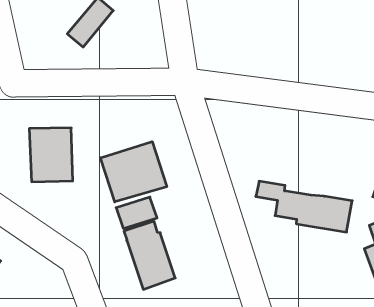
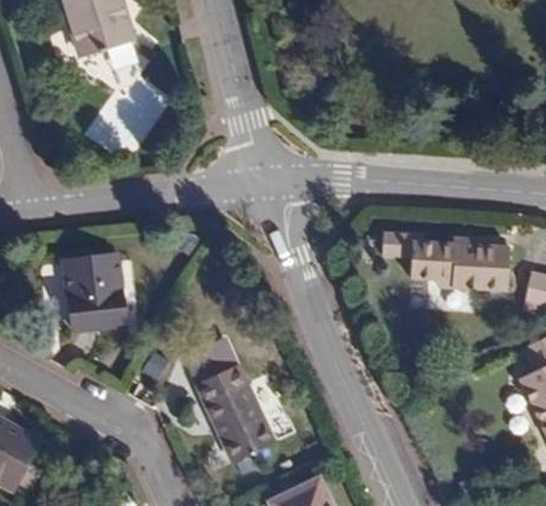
building: [101,142,167,202] -> none
building: [256,181,352,232] -> [381,233,509,289]

